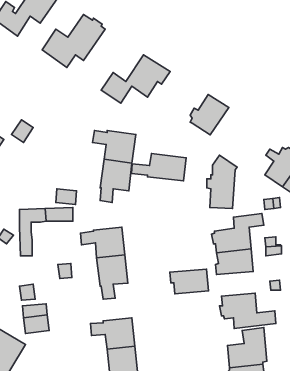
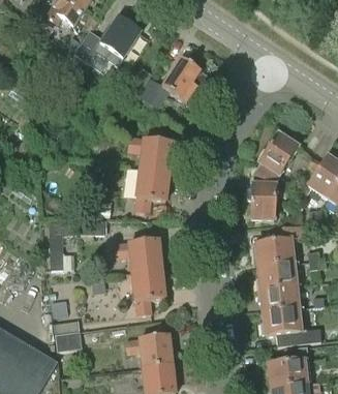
building: [190,95,229,135] -> [258,134,299,177]
building: [131,154,186,181] -> none
building: [170,269,208,294] -> [257,286,298,312]

